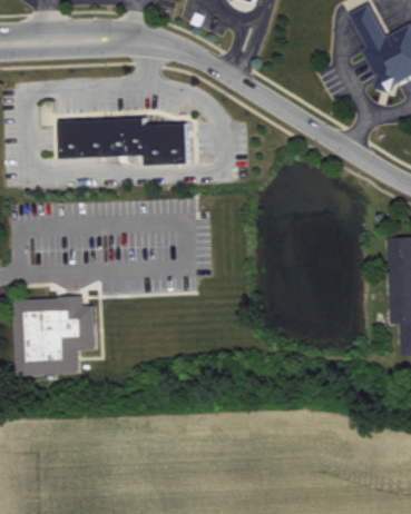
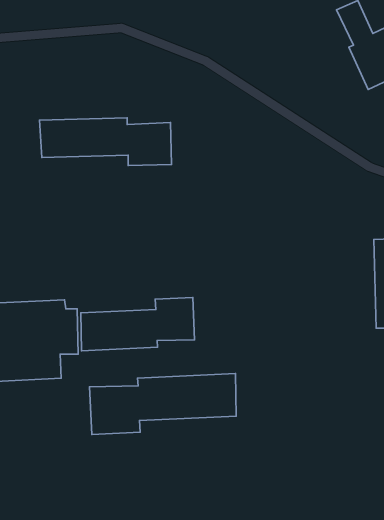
building: none -> [81,297,195,351]
building: none -> [90,374,236,434]

